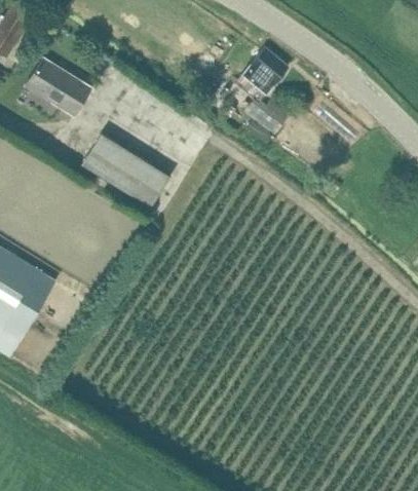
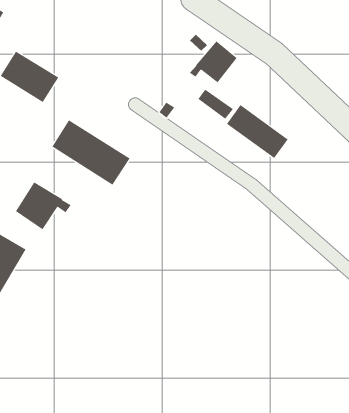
building: none -> [226,104,289,159]
building: none -> [15,182,71,230]

